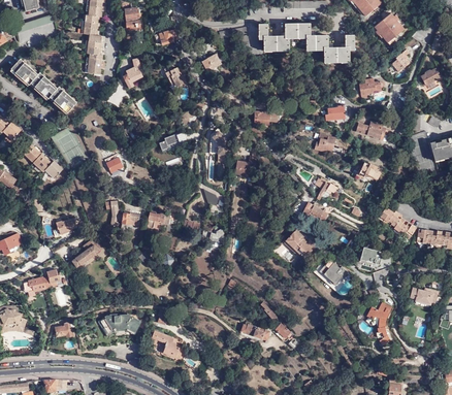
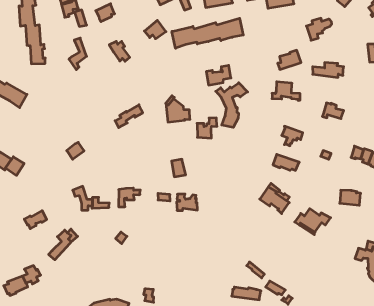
building: none -> [172,18,243,48]
building: none -> [216,83,248,127]

